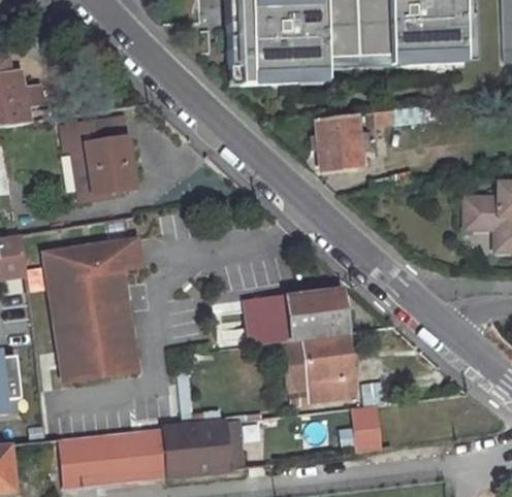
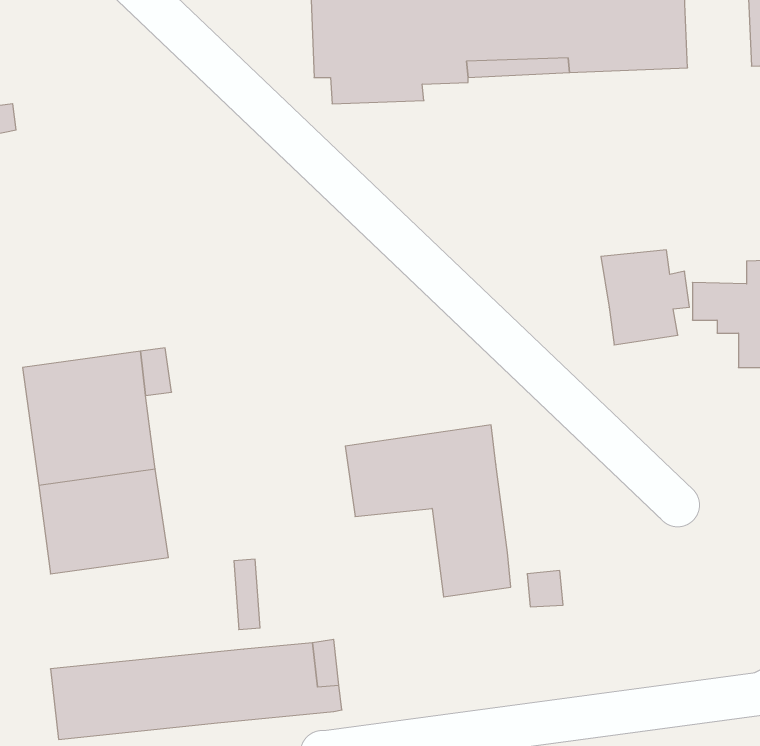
building: [316,113,372,173] -> [601,250,689,345]
building: [69,118,131,195] -> none
building: [354,407,381,452] -> none

